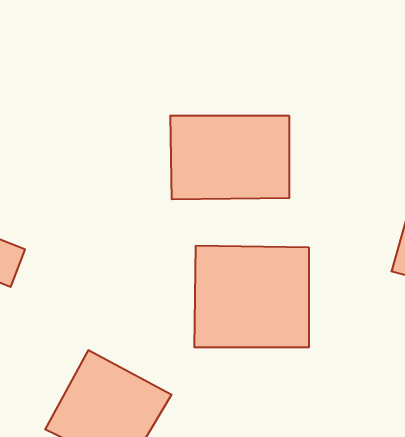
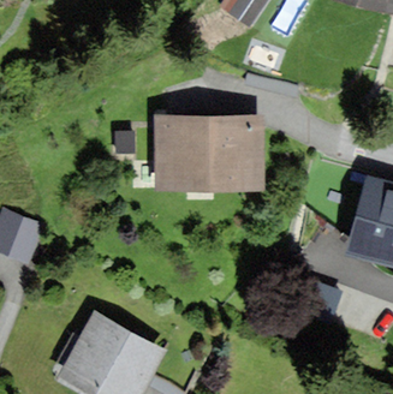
building: [194,246,309,347] -> none

